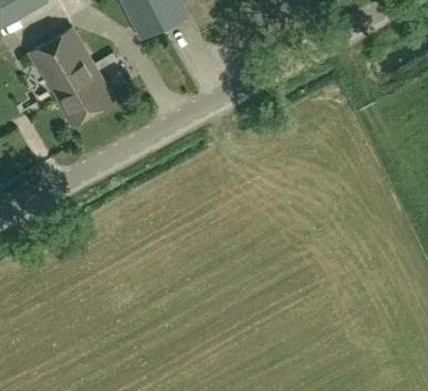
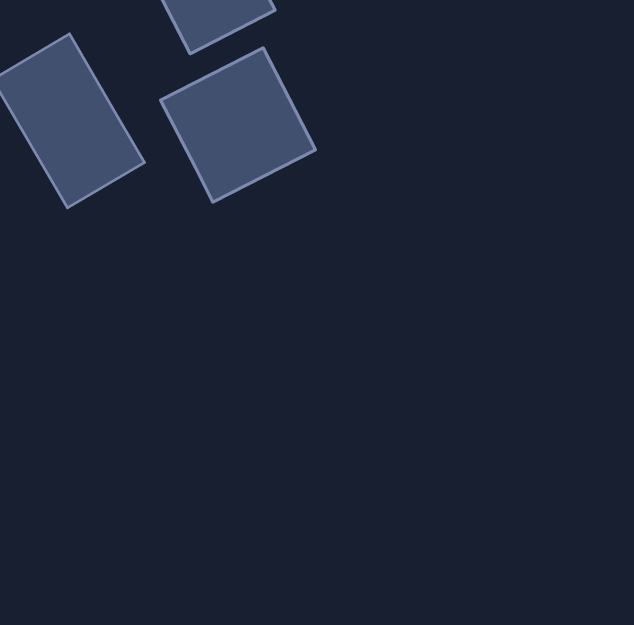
building: none -> [161,48,316,202]

